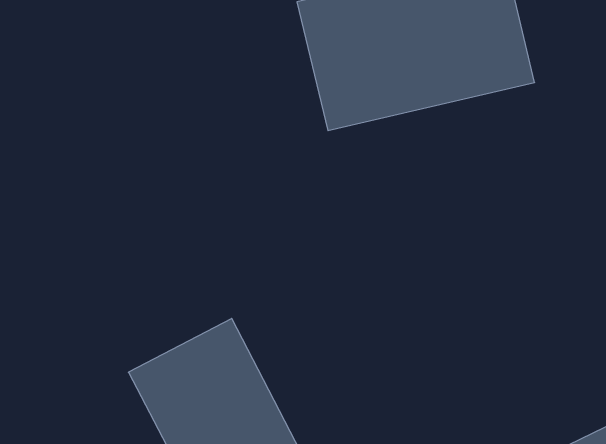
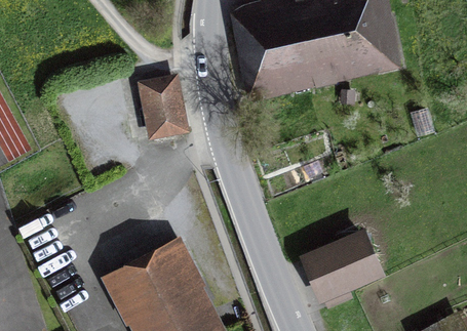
building: none -> [138,75,189,137]
building: none -> [302,232,383,314]

